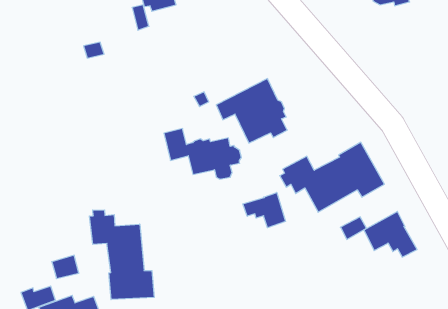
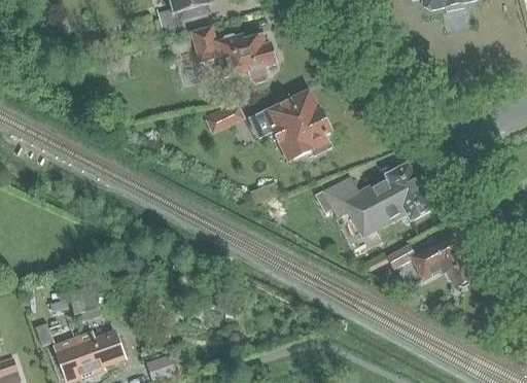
building: [164,129,241,179] -> [190,26,276,81]
building: [243,192,285,228] -> none
building: [89,210,154,300] -> none

